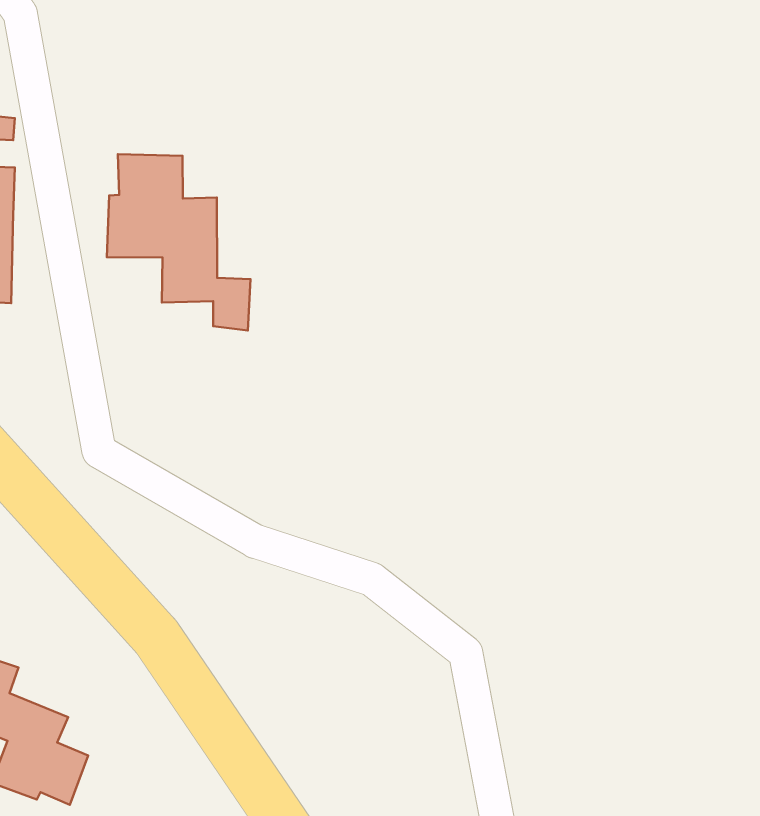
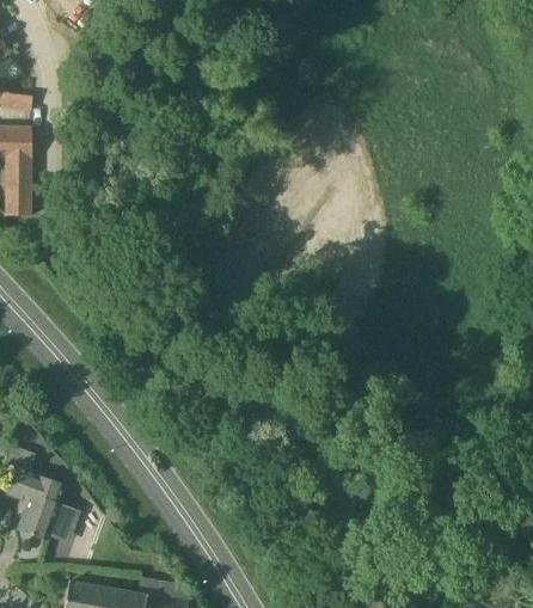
building: [107,154,251,330] -> none

